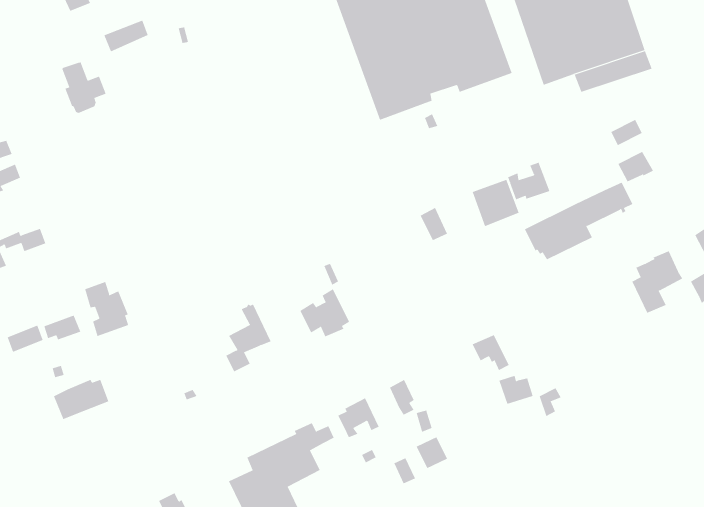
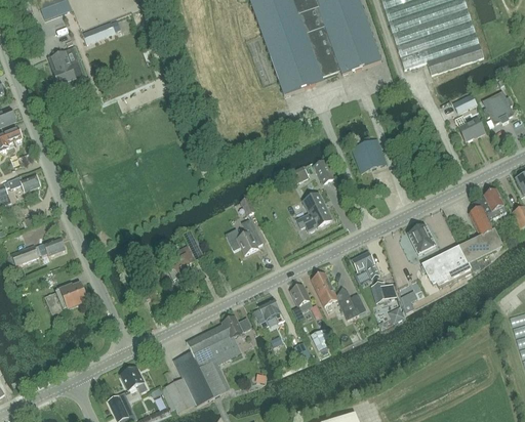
building: none -> [481,90,513,124]
building: [507,162,550,200] -> none
building: [524,182,633,260] -> [421,229,501,287]
building: none -> [295,192,331,230]
building: [84,281,129,337] -> none
building: none -> [407,225,435,254]
building: none -> [311,271,358,319]

